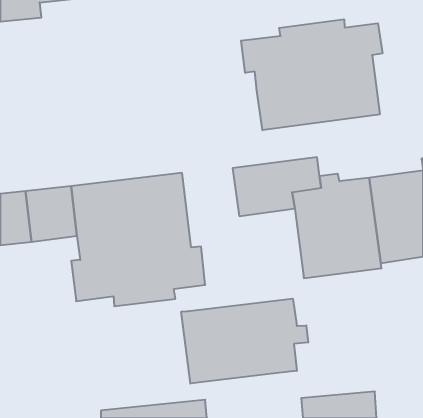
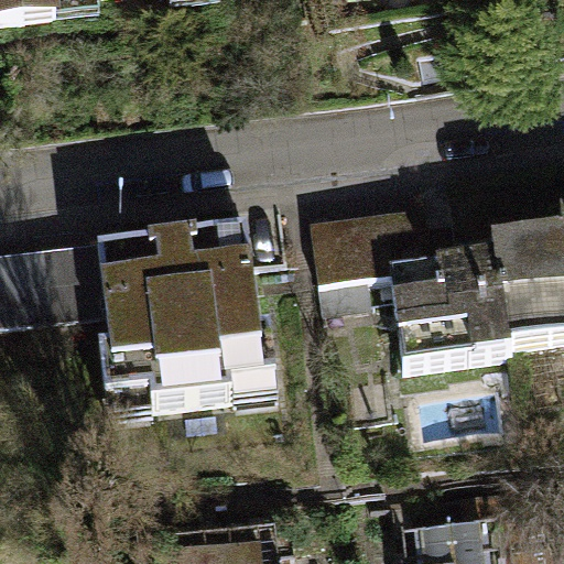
building: [241,19,382,130] -> none
building: [181,299,308,384] -> none

